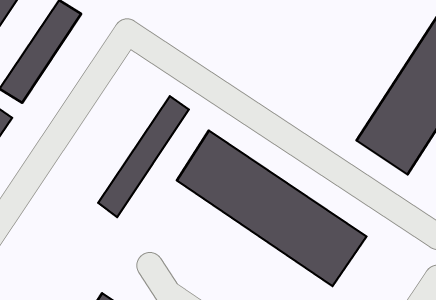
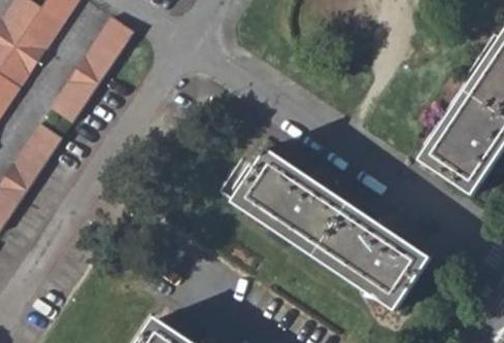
building: [98,96,189,217] -> none

